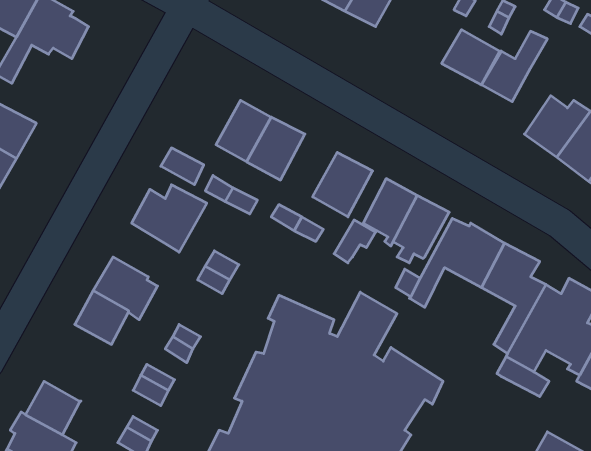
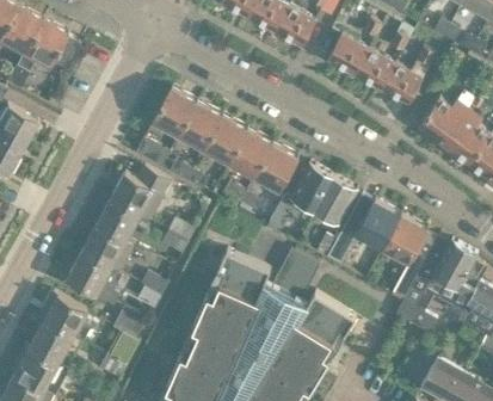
building: none -> [327,33,369,74]
building: none -> [152,88,197,137]
building: none -> [228,129,272,178]
building: none -> [98,198,140,240]
building: none -> [44,295,91,344]

